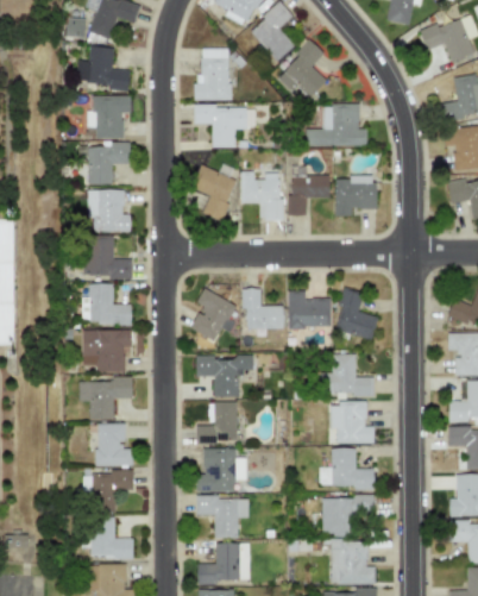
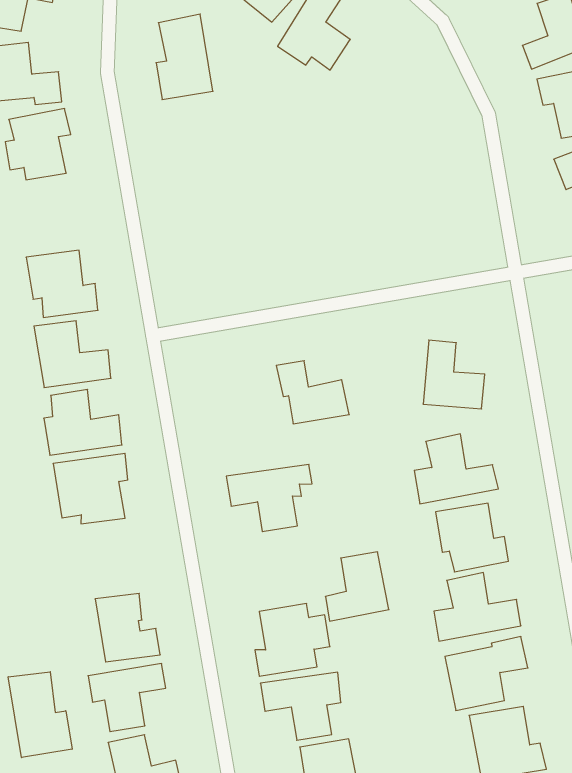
building: [306,103,366,146] -> none
building: [194,106,256,146] -> none
building: [88,142,130,184] -> none
building: [191,164,237,220] -> none
building: [290,167,329,215] -> none
building: [241,171,281,220] -> none
building: [335,176,376,217] -> none
building: [190,288,237,340] -> none
building: [287,290,332,328] -> none
building: [78,376,132,419] -> none
building: [196,402,237,443] -> [325,552,389,621]
building: none -> [8,672,72,758]

